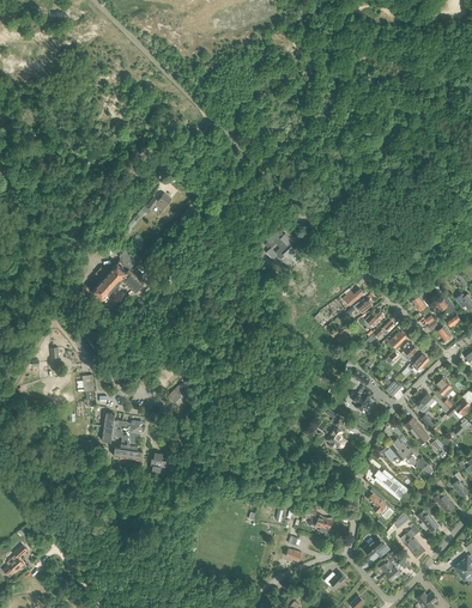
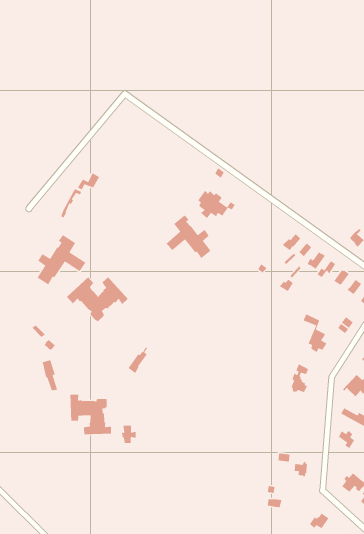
building: none -> [165,214,212,259]
building: none -> [66,276,129,322]

